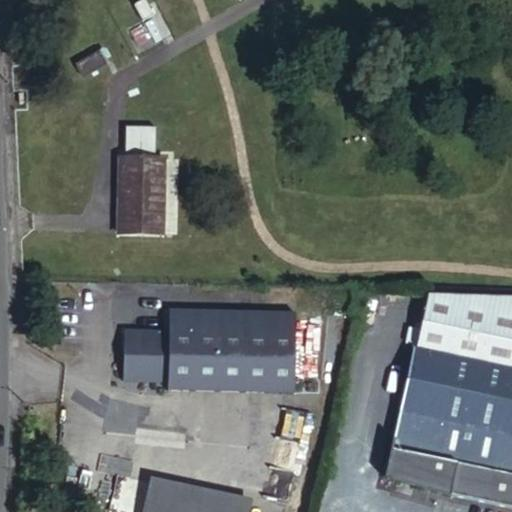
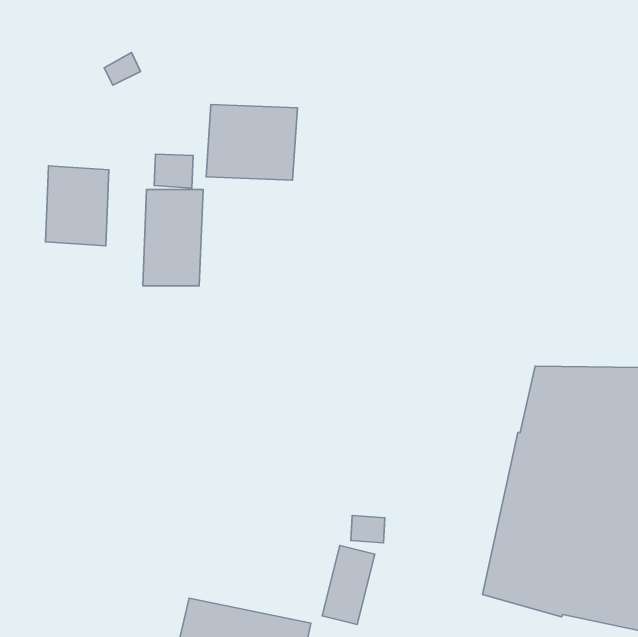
building: none -> [206,105,297,180]
building: none -> [45,166,109,246]
building: [126,308,298,391] -> none

